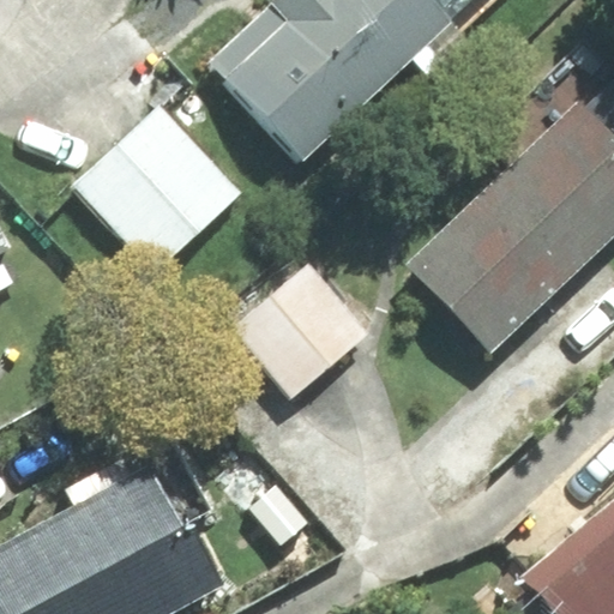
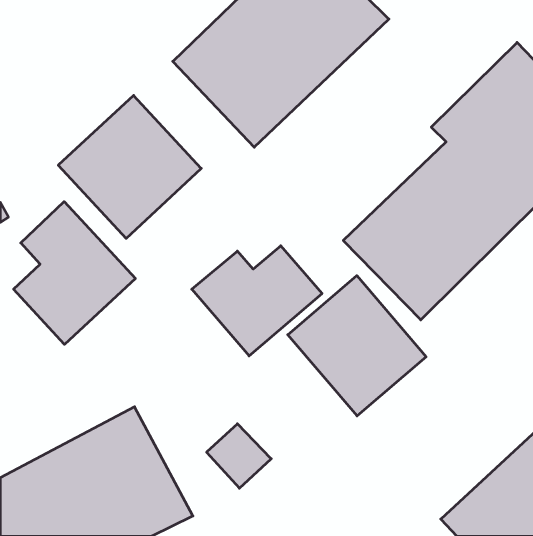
building: none -> [14,202,135,344]
building: none -> [288,276,426,416]

